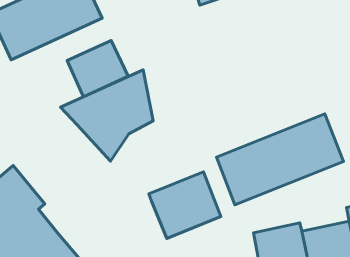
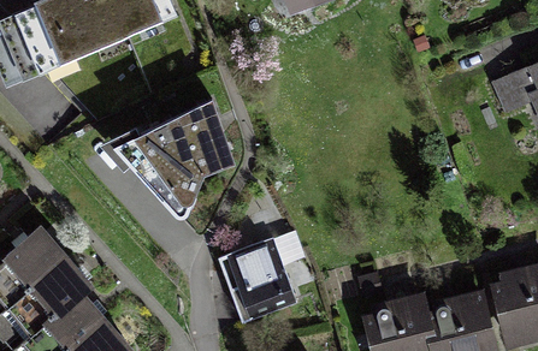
building: [67,41,128,97] -> none
building: [216,114,343,205] -> none

